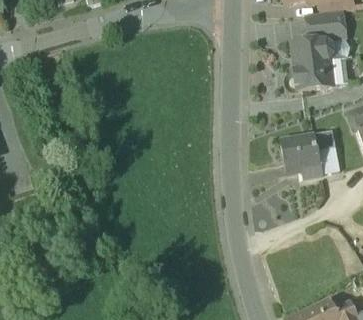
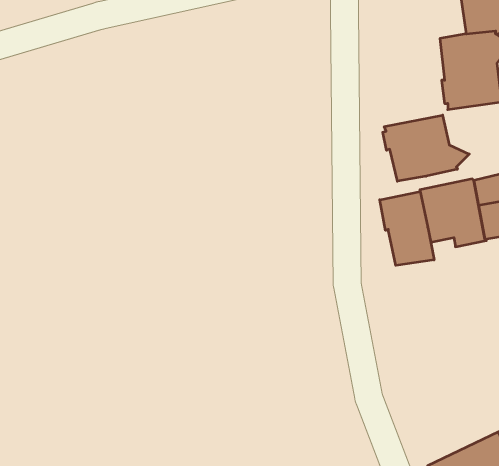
building: none -> [383,115,469,181]
building: none -> [380,191,434,265]

